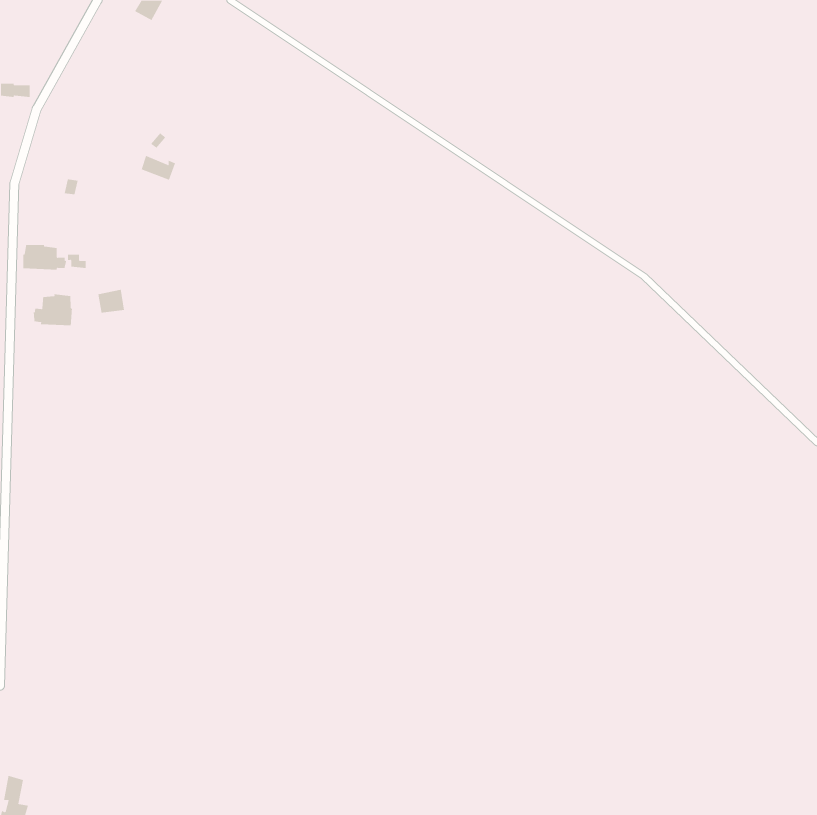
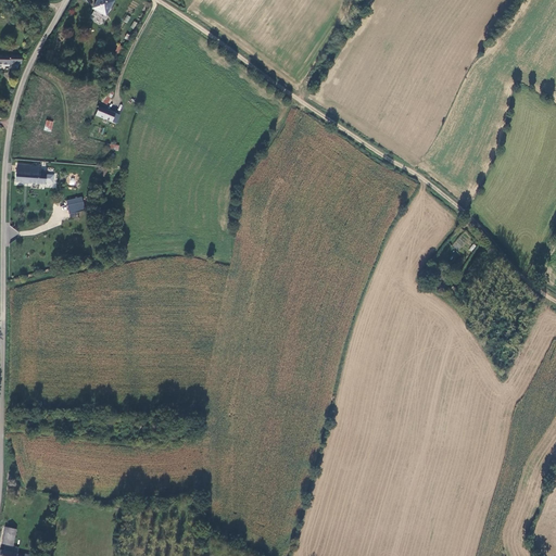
building: [33,294,73,326] -> none

